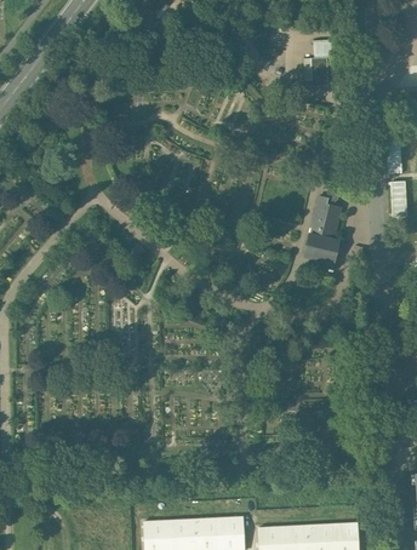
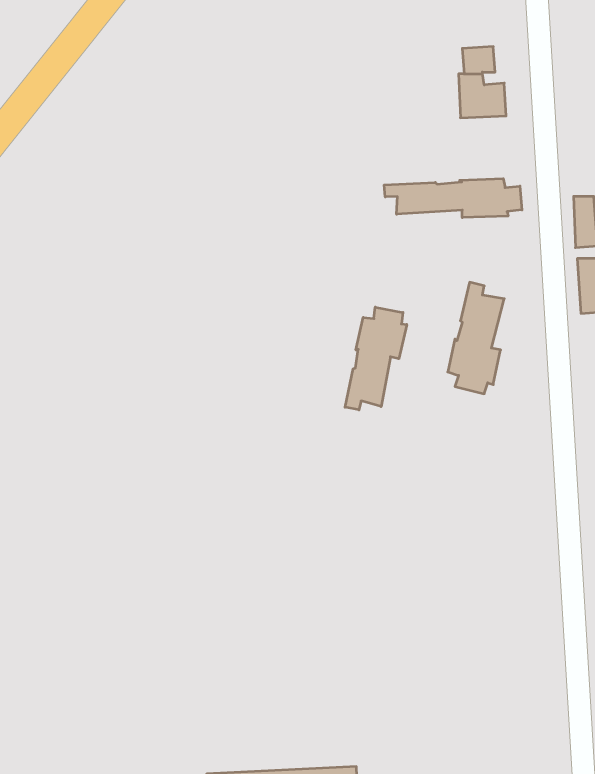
building: none -> [384,179,522,218]
building: none -> [345,307,407,410]

